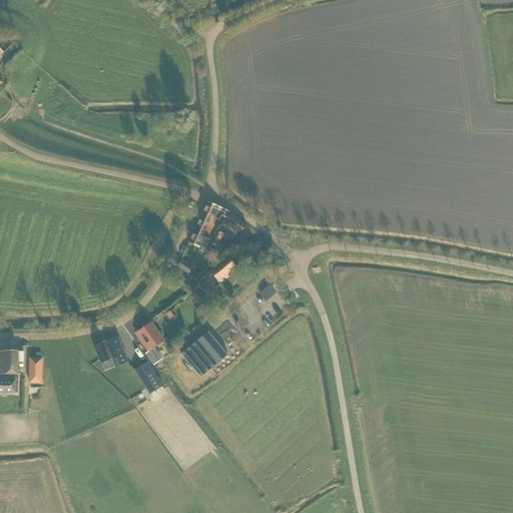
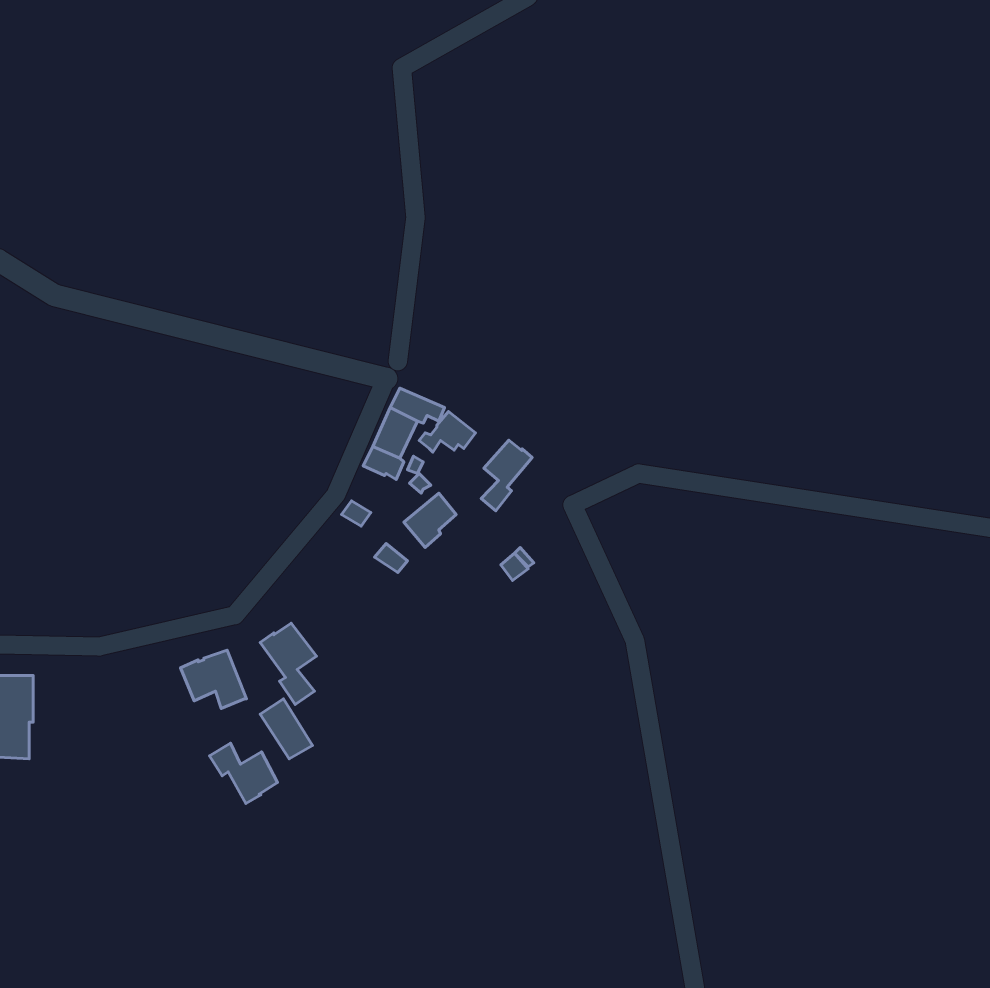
building: none -> [481,440,532,511]
building: [180,332,226,376] -> none
building: [28,356,42,382] -> none
building: none -> [210,743,278,803]

